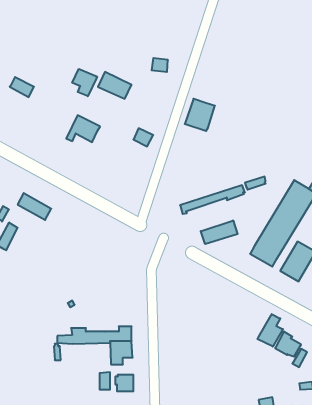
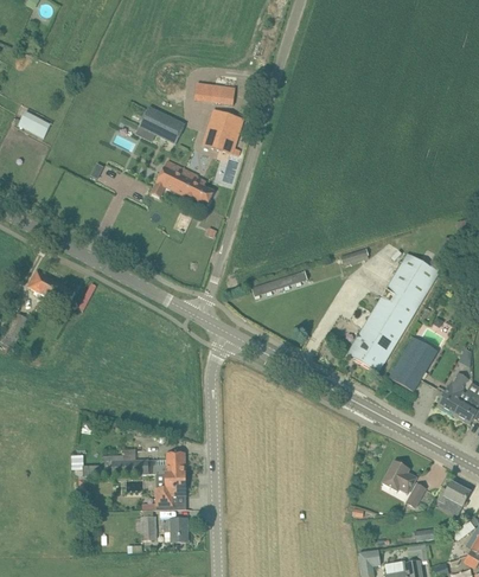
building: [72,69,97,96] -> none
building: [185,99,215,131] -> [203,108,244,152]
building: [66,115,100,142] -> [152,159,198,195]
building: [201,220,238,244] -> none
building: [257,314,283,347] -> none

